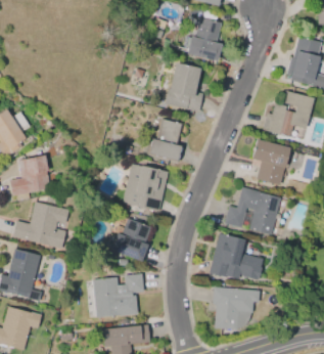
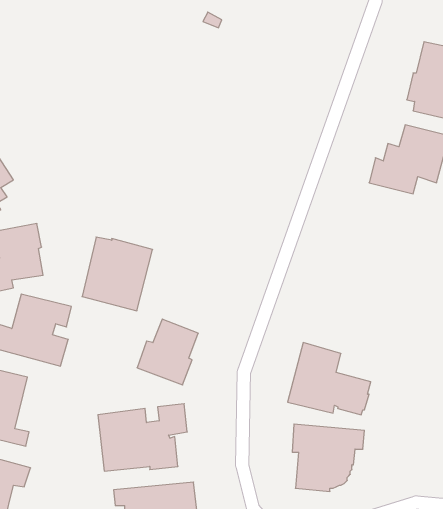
building: [187,16,222,62] -> none
building: [165,63,203,112] -> none
building: [149,119,182,161] -> none
building: [252,139,290,185] -> none
building: [123,164,169,212] -> [82,237,153,311]
building: [225,187,281,236] -> none

